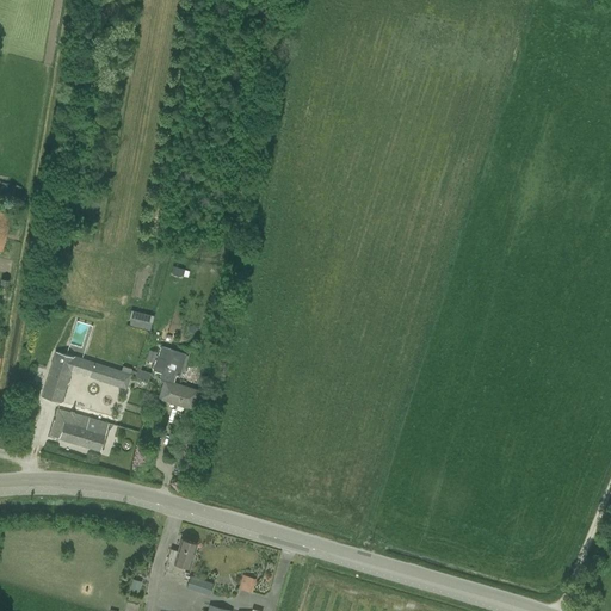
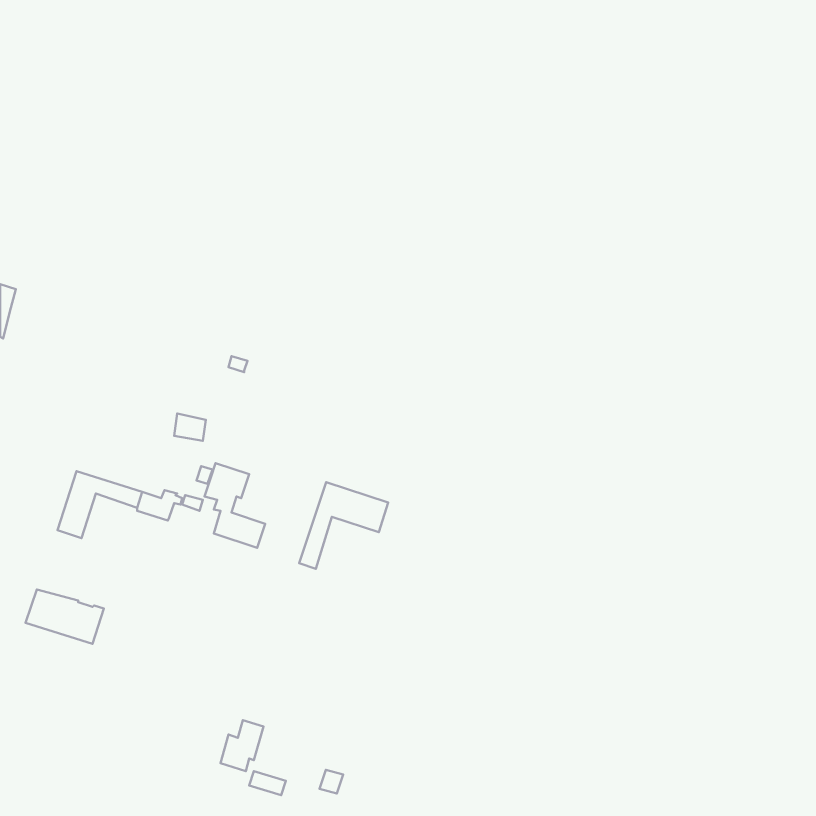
building: none -> [299,482,388,569]
building: [50,411,109,451] -> [26,589,104,644]

